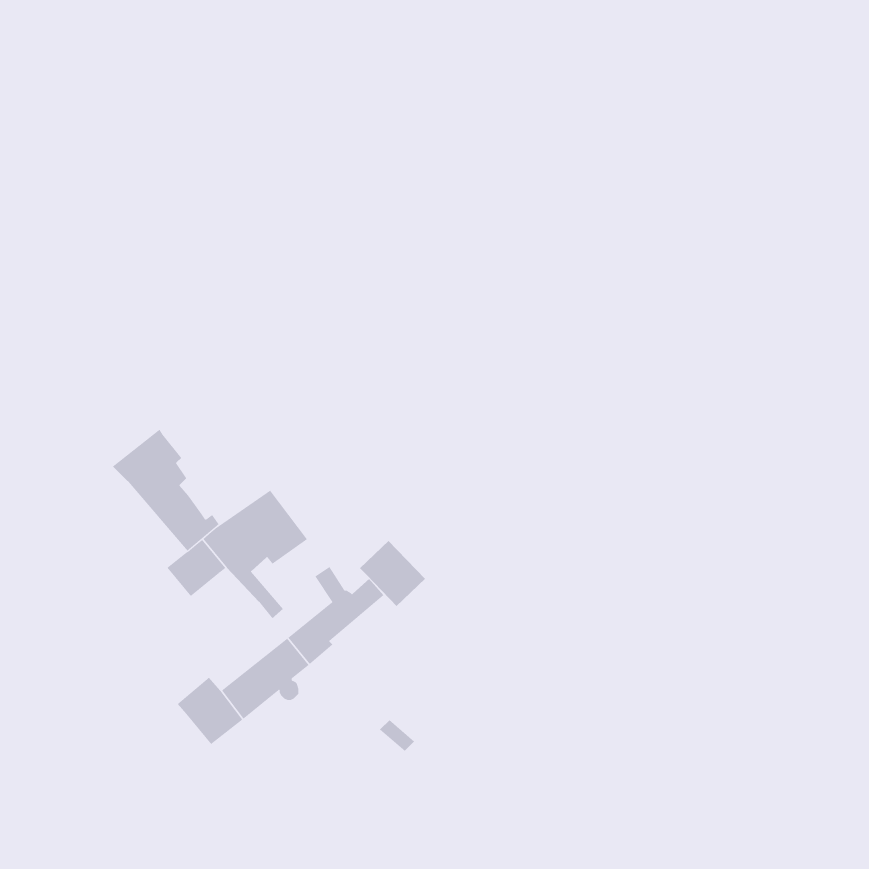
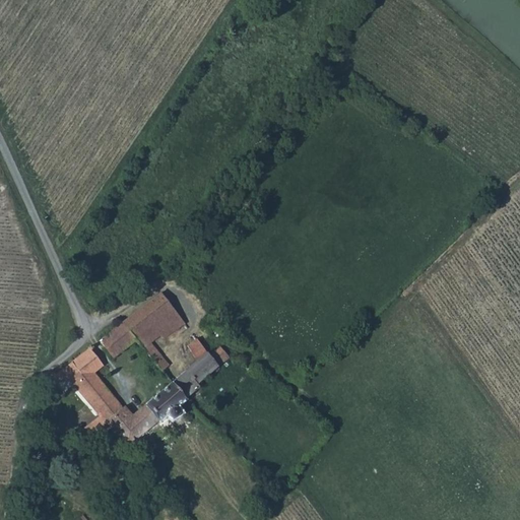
building: [112,429,219,551] -> [61,347,125,420]
building: [359,540,426,607] -> none

